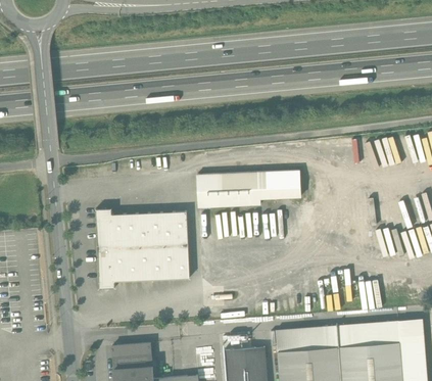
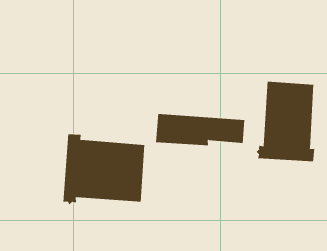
building: none -> [256,81,315,162]

